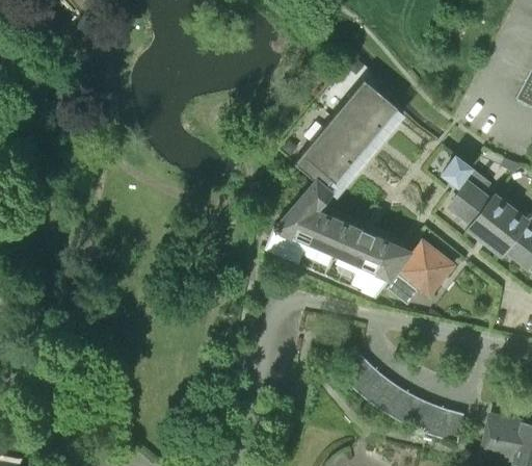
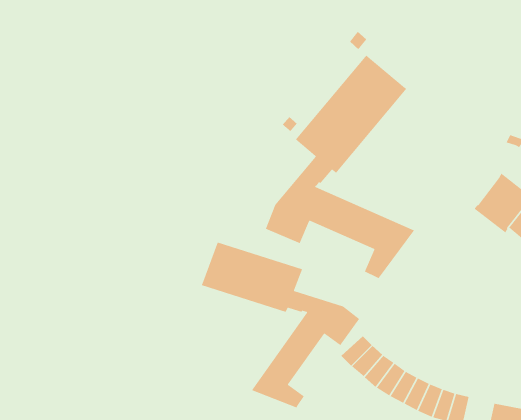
building: [444,157,494,227] -> none
building: [387,240,455,304] -> none
building: none -> [200,242,360,408]

